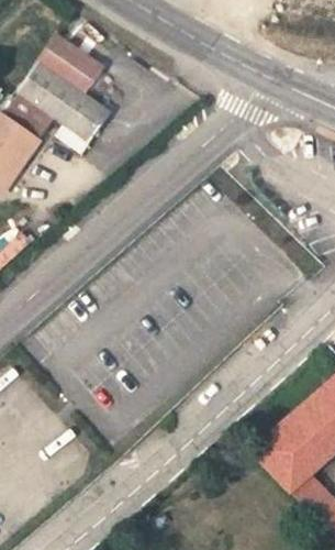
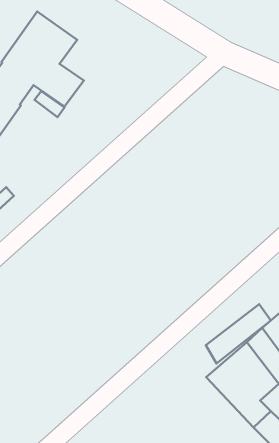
building: none -> [206,304,271,364]

